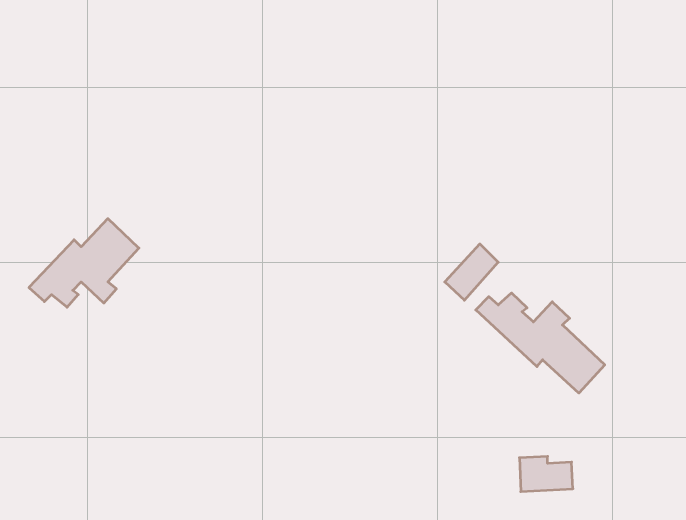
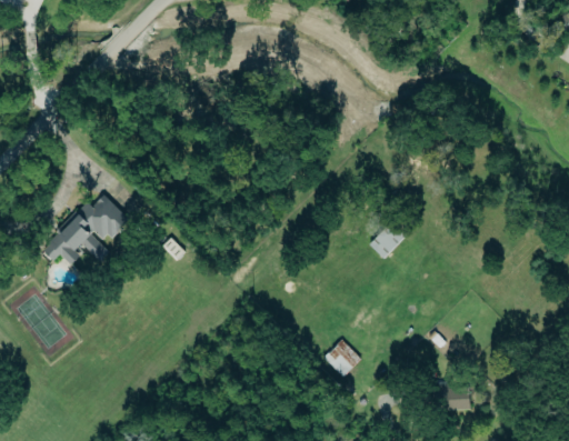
building: [476,293,605,393] -> none
building: none -> [322,340,359,377]

